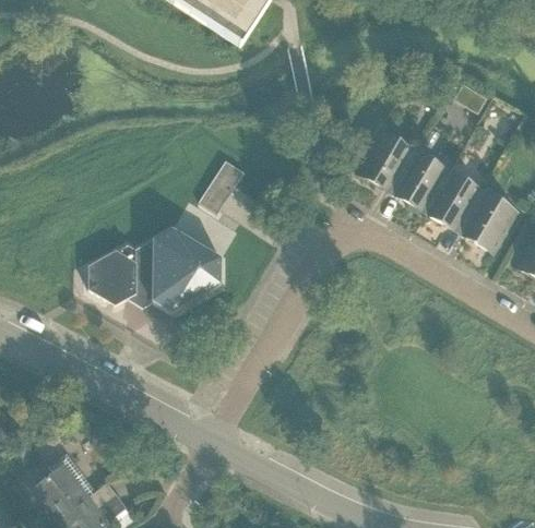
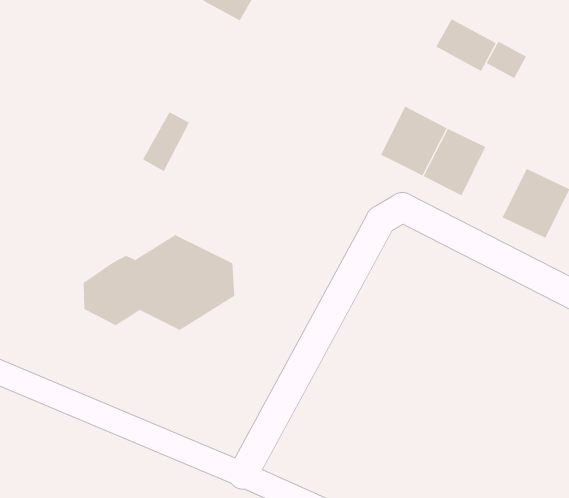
building: none -> [435,19,496,72]
building: [199,159,242,212] -> [142,111,190,172]
building: [425,169,483,231] -> none

